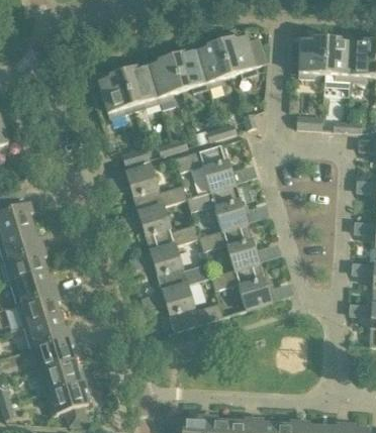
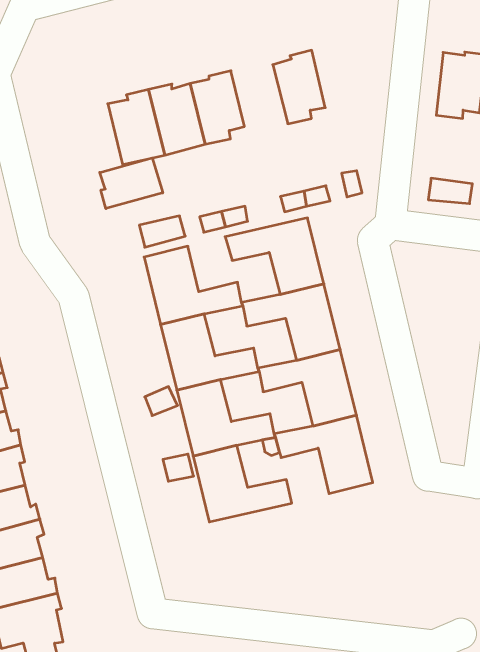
building: [220,35,267,76] -> none
building: [172,50,208,91] -> none
building: none -> [100,158,163,209]

